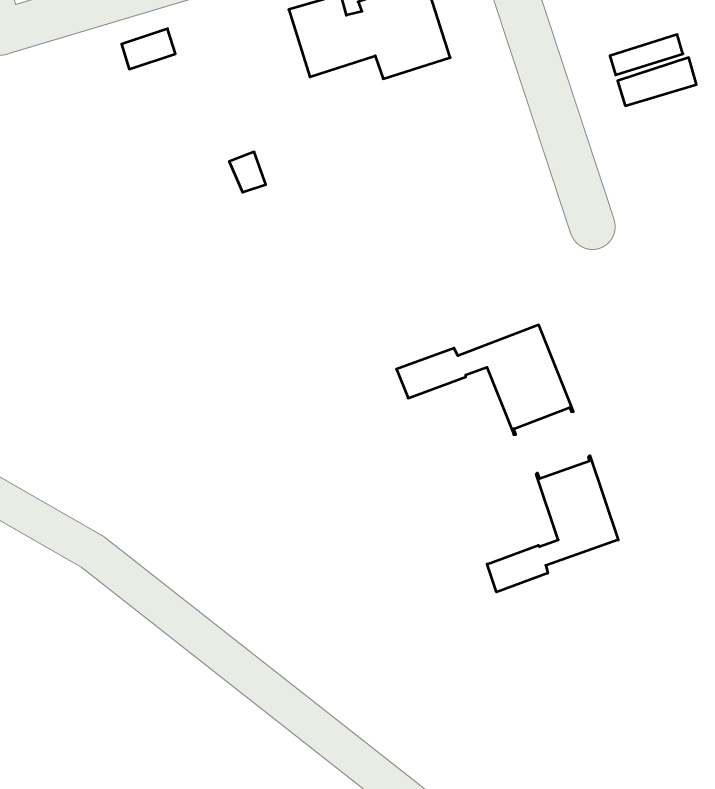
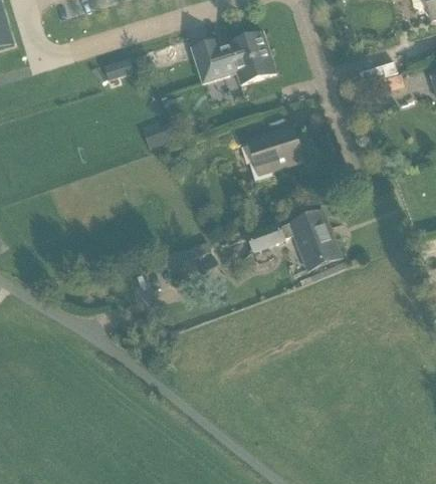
building: none -> [232,119,303,179]
building: [487,456,618,592] -> none

